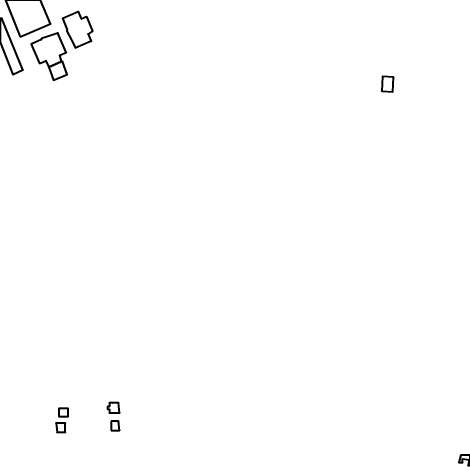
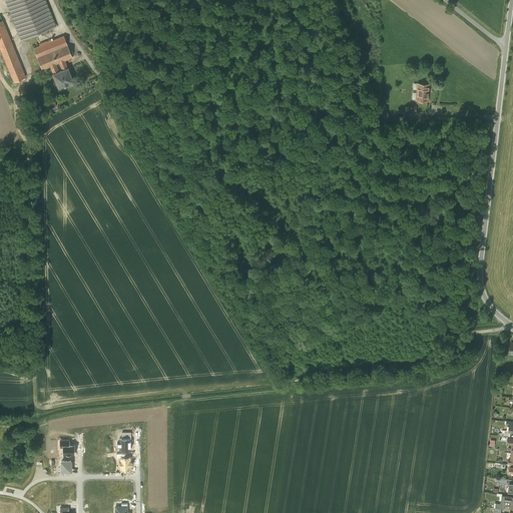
building: [63,12,93,48] -> none

